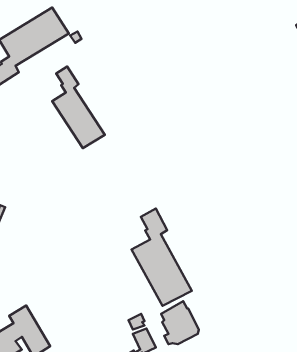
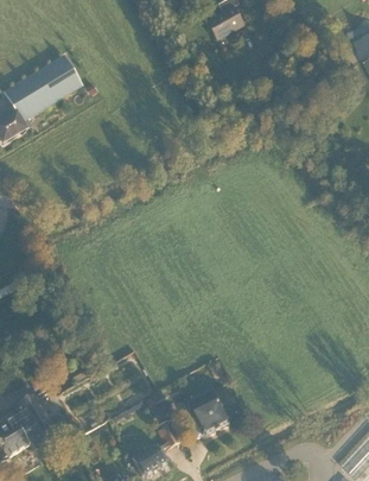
building: [52,66,105,148] -> none
building: [132,209,192,306] -> none

